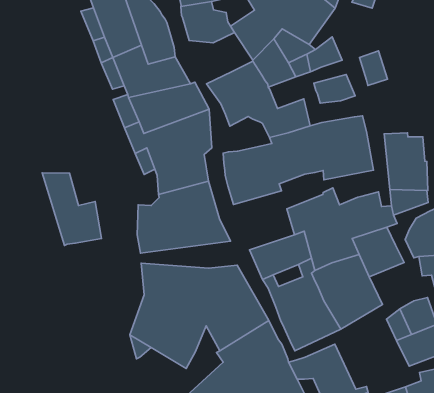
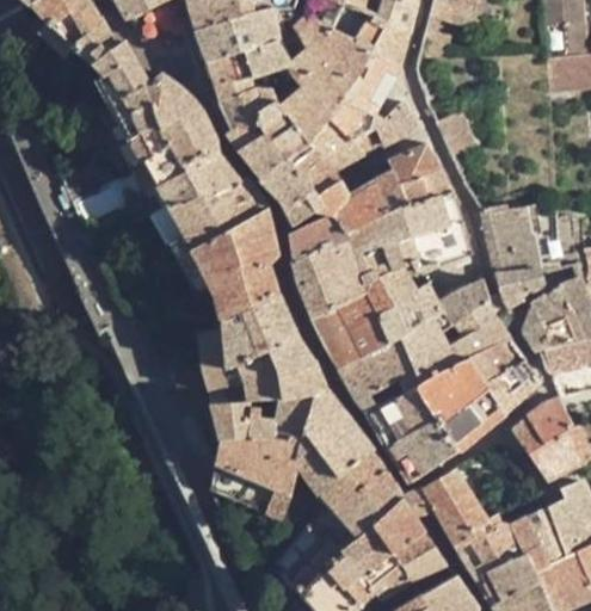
building: none -> [227,111,313,177]
building: none -> [380,167,453,210]
building: none -> [290,214,349,257]
building: none -> [313,265,418,368]
building: [42,173,102,245] -> none
building: none -> [210,360,327,401]
building: none -> [486,358,542,412]

